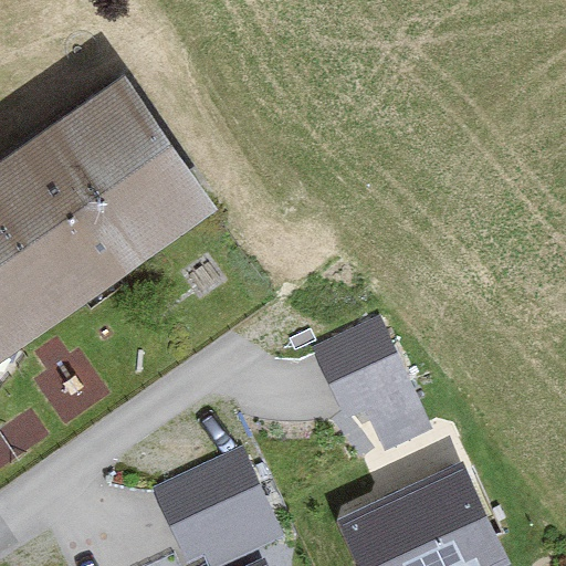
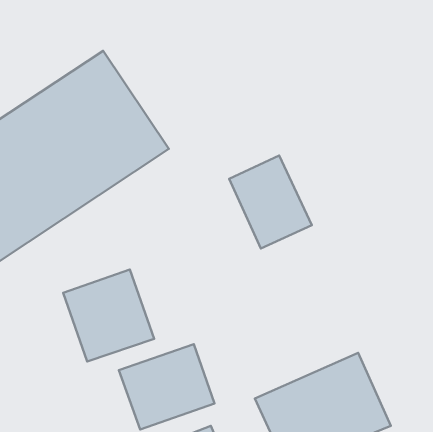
building: [317,323,423,442] -> [229,155,312,248]
building: none -> [63,270,154,361]

